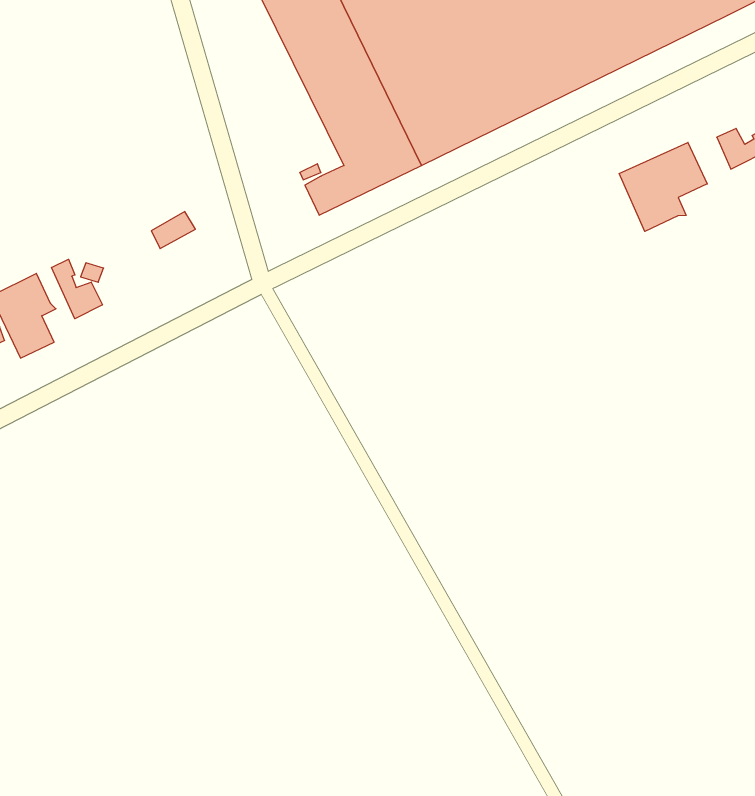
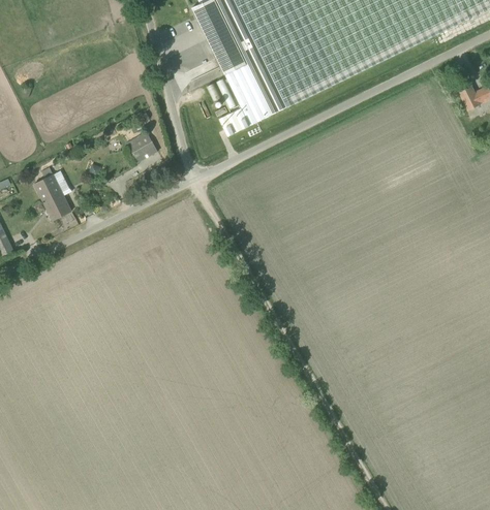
building: [619,142,707,231] -> none
building: [52,259,102,319] -> none

